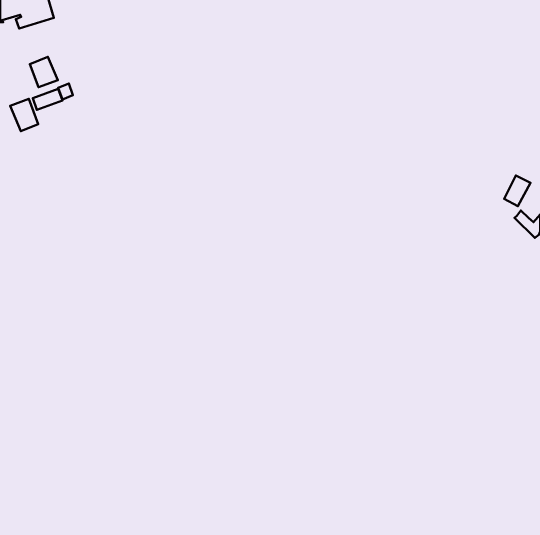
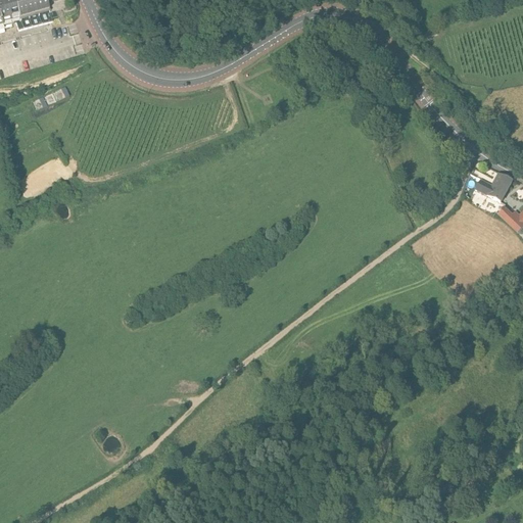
building: [30,57,58,87] -> none
building: [10,99,38,131] -> none

